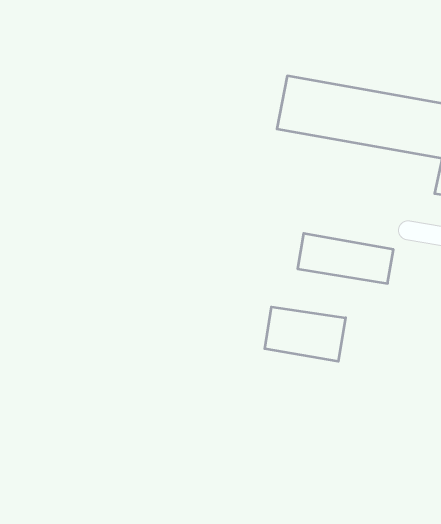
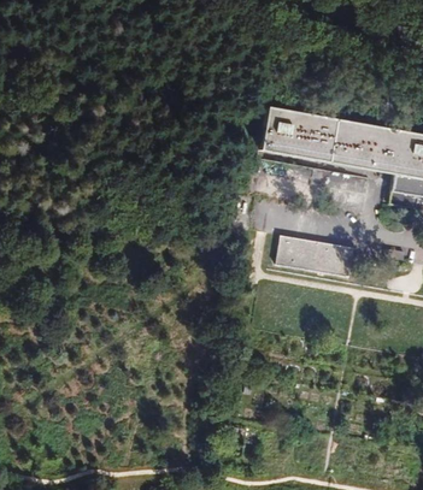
building: [265,307,346,361] -> none

